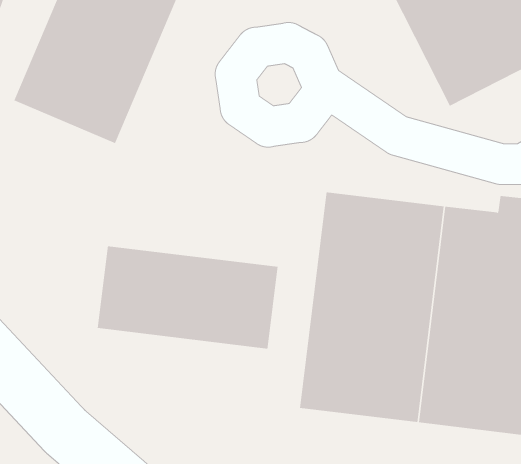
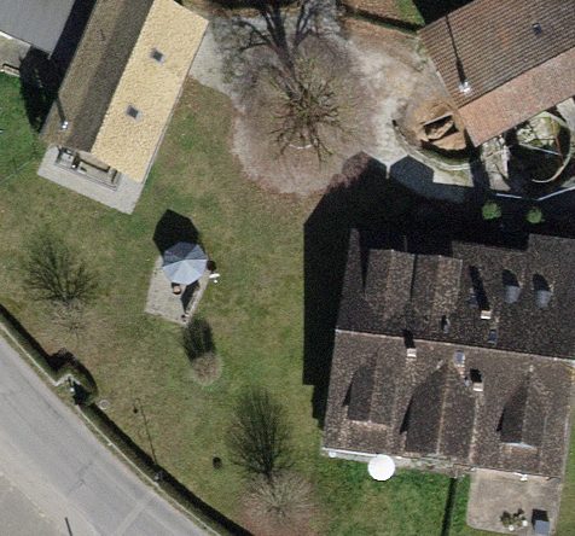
building: [97,245,278,349] -> none

